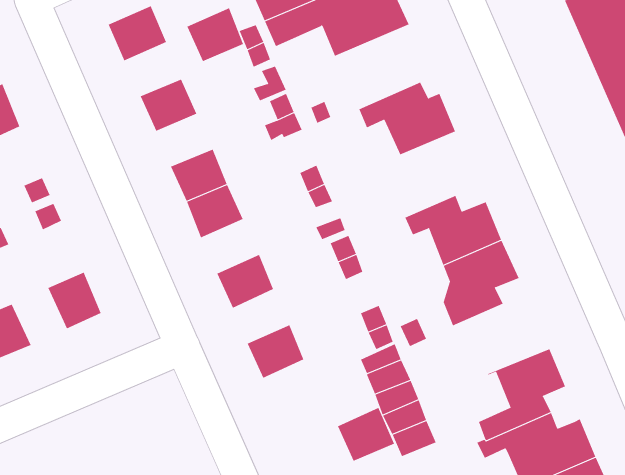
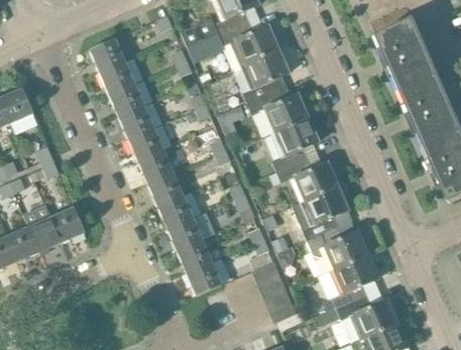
building: [187,7,244,62] -> [98,60,134,94]
building: none -> [231,48,289,102]
building: none -> [118,105,154,138]
building: none -> [271,116,318,170]
building: none -> [146,171,184,206]
building: none -> [27,215,62,251]
building: none -> [166,216,203,250]
building: none -> [306,225,367,269]
building: [337,407,395,461] -> [186,260,222,295]

